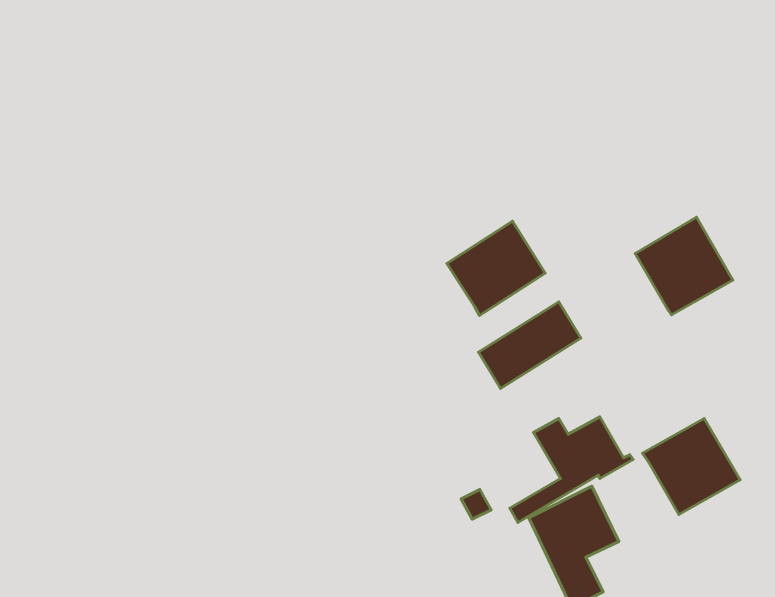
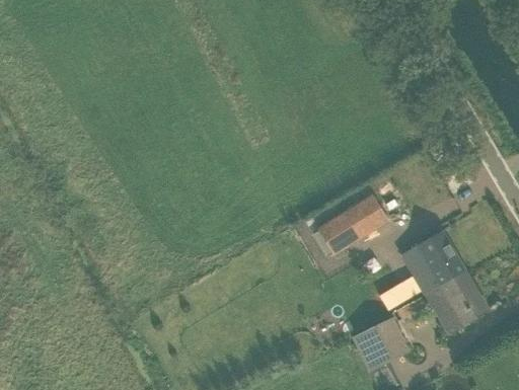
building: [635,217,733,315] -> [402,230,465,293]
building: [447,221,545,316] -> none

